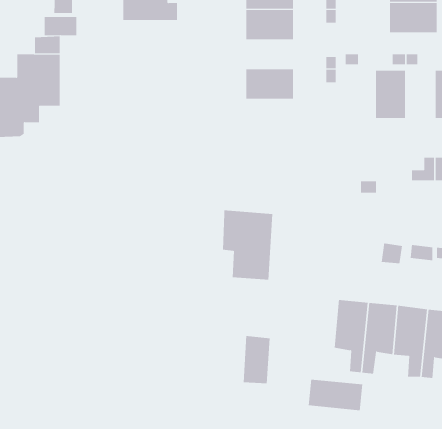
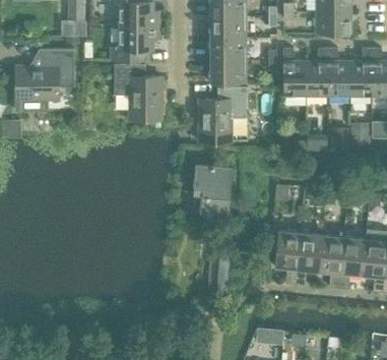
building: none -> [113,24,160,60]
building: none -> [210,39,246,60]
building: none -> [283,61,306,97]
building: none -> [328,61,349,97]
building: none -> [115,64,162,119]
building: none -> [199,86,246,141]
building: [308,379,363,411] -> none

